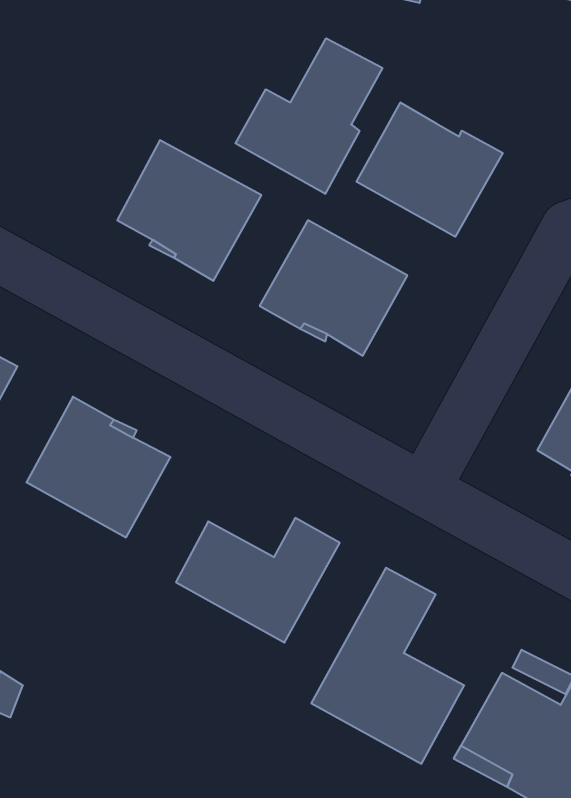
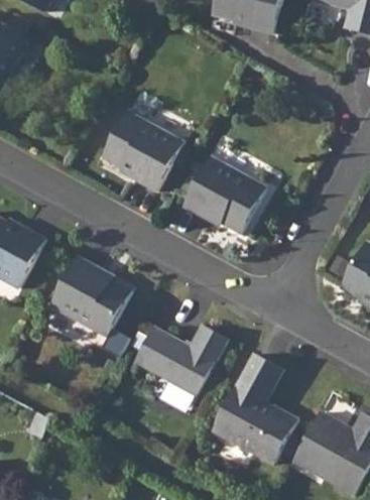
building: [235,38,382,194] -> none
building: [357,102,503,237] -> none

